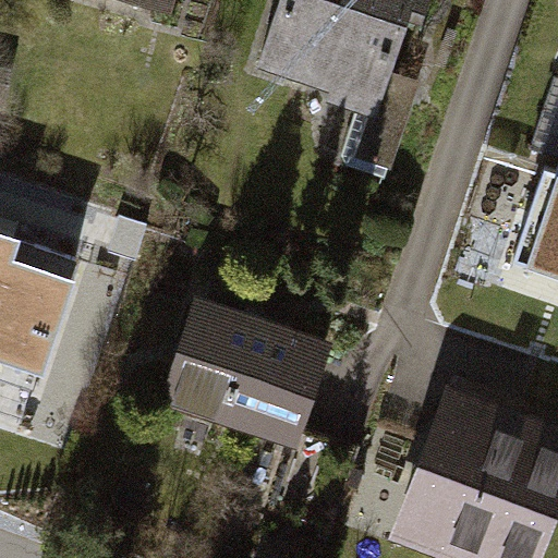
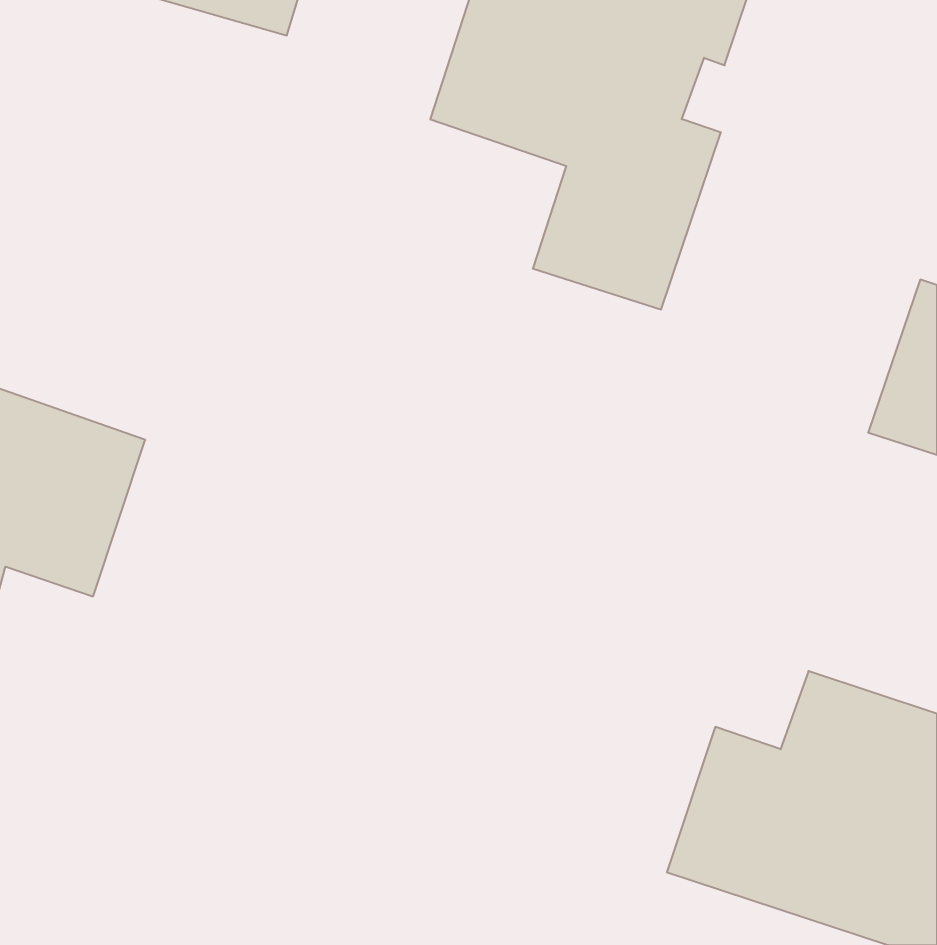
building: [163,300,339,452] -> none

